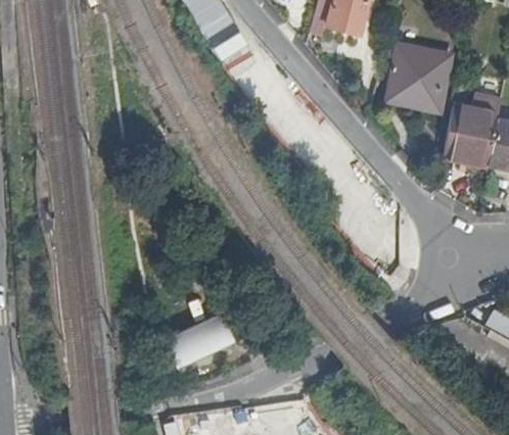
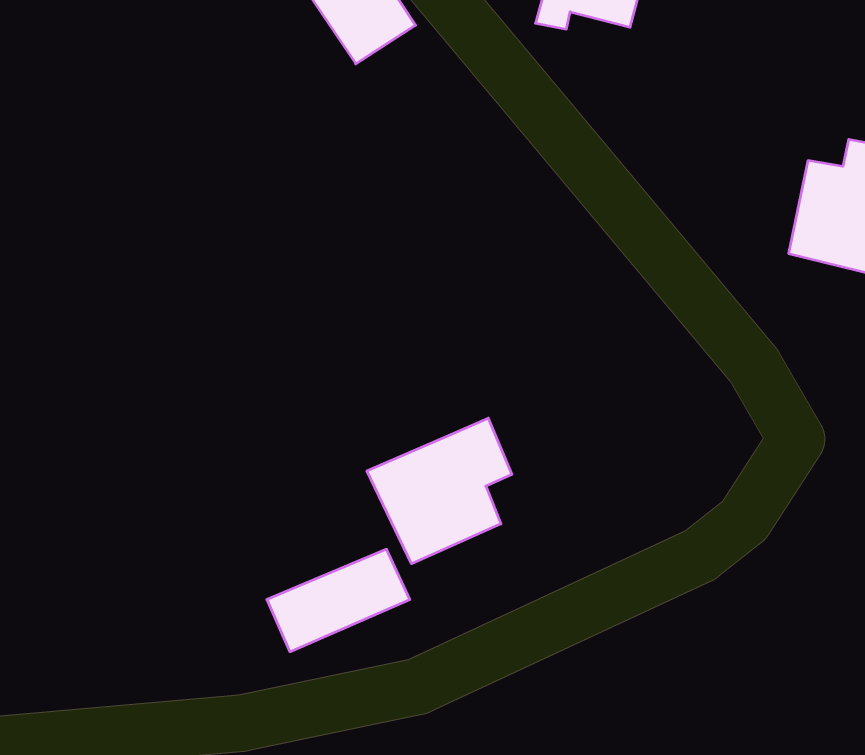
building: [389,49,451,113] -> none
building: none -> [367,418,512,564]

